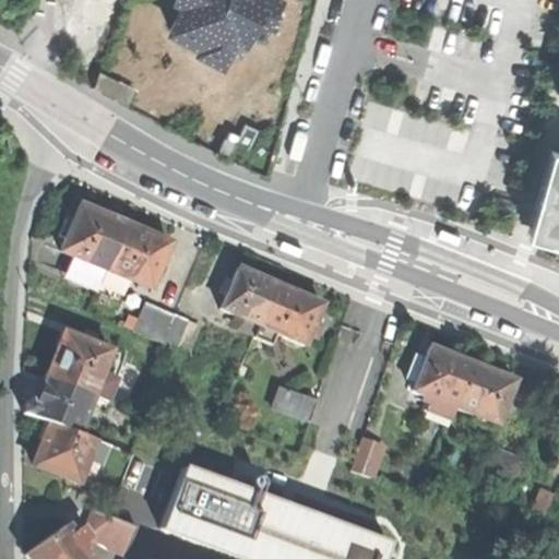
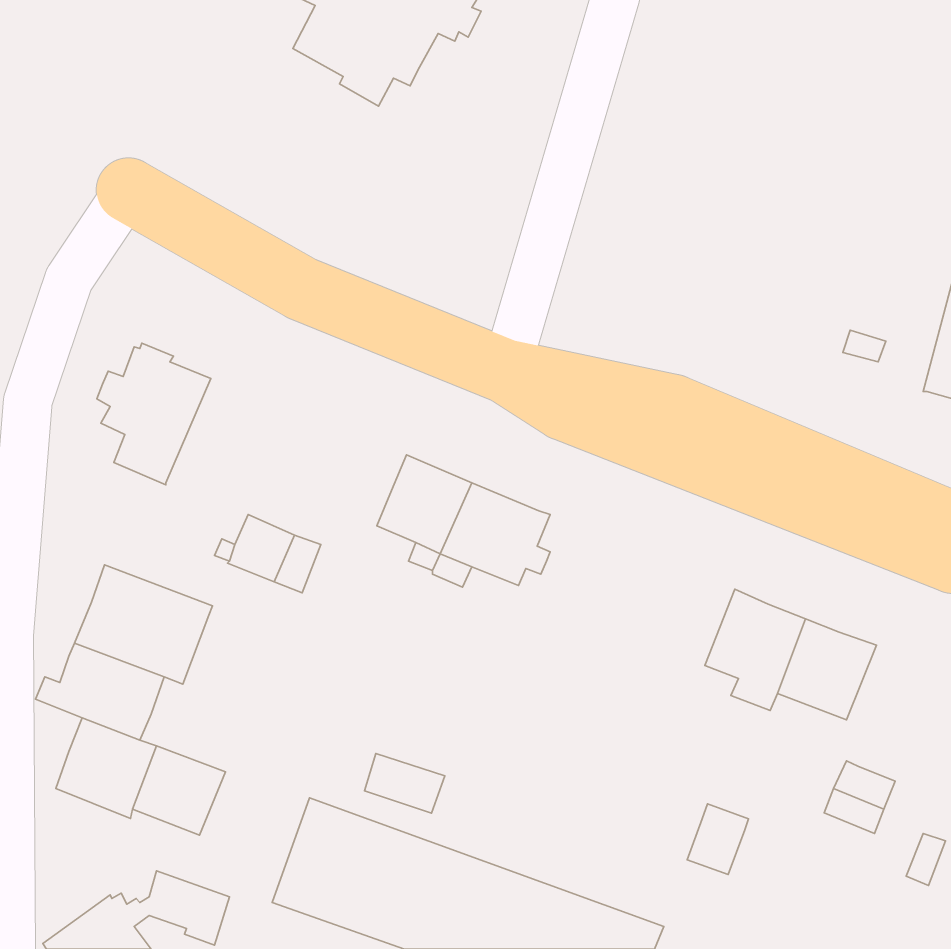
building: [97,222,169,297] -> none
building: [271,385,318,420] -> [365,754,445,813]
building: [350,437,386,478] -> [687,804,749,875]

